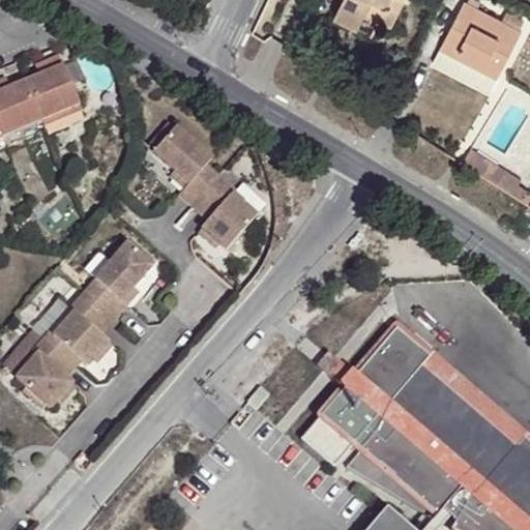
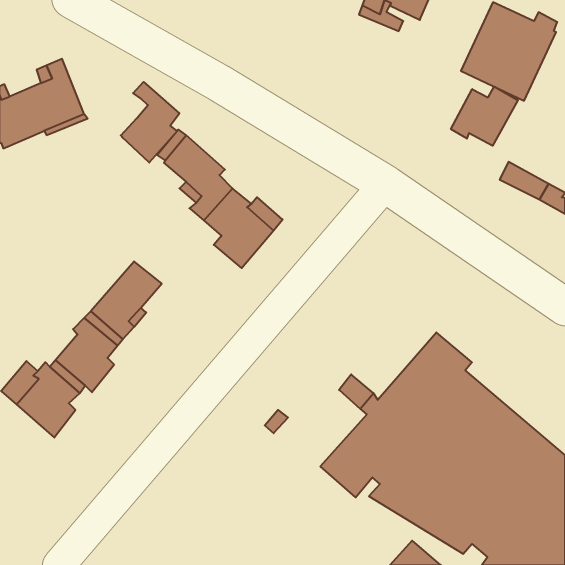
building: none -> [121,82,179,163]
building: none -> [451,87,518,146]

